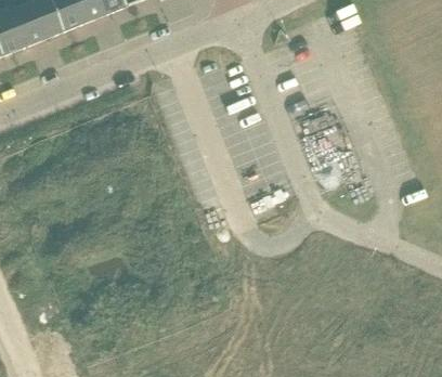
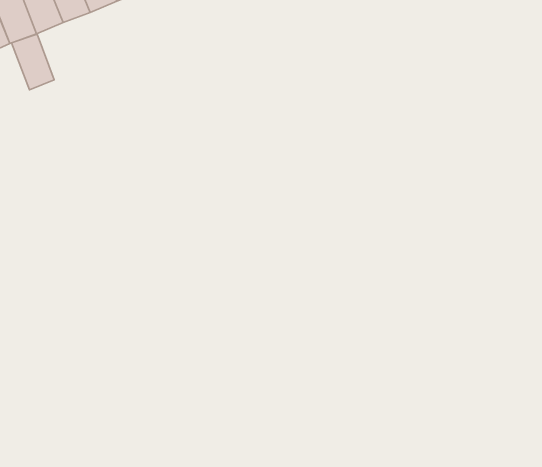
building: none -> [11,34,54,90]

